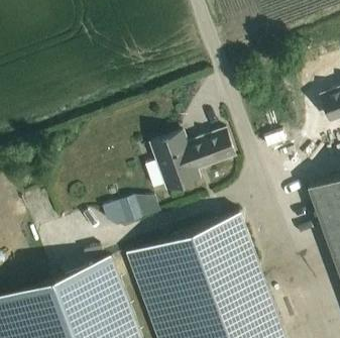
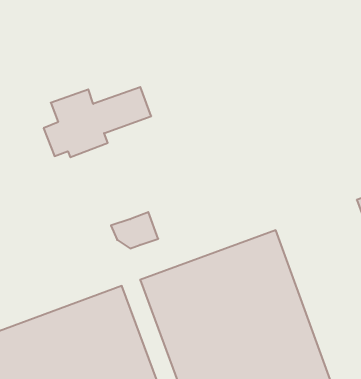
building: [145,131,235,190] -> [44,87,151,157]

